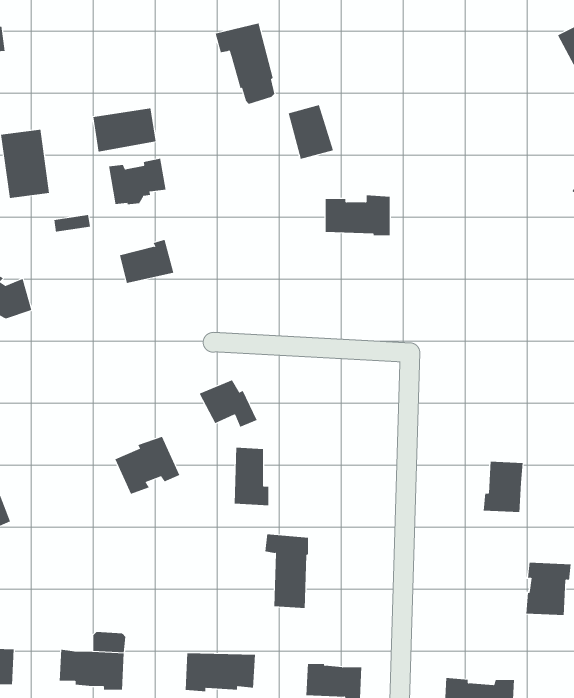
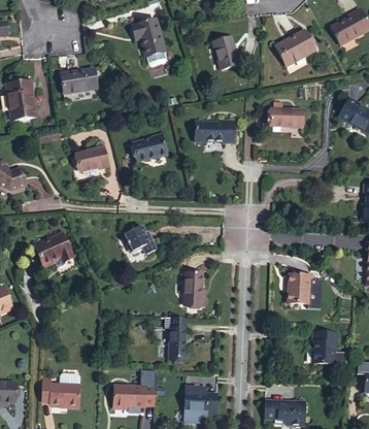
building: none -> [274,30,314,66]
building: [288,104,334,159] -> [212,37,239,69]
building: [109,158,166,205] -> none
building: none -> [269,108,302,126]
building: none -> [132,135,166,161]
building: [114,436,180,495] -> [34,232,72,266]
building: [234,447,269,506] -> [183,272,204,306]

